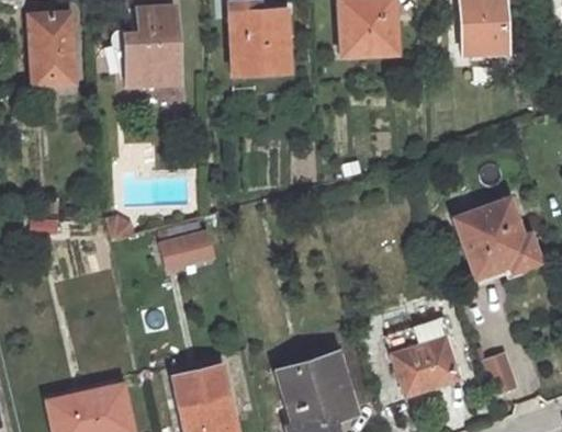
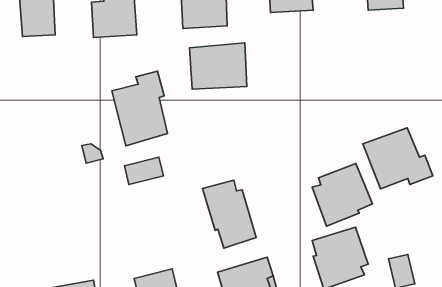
building: none -> [189,43,247,89]
building: none -> [112,71,167,146]
building: none -> [312,164,372,226]
building: none -> [203,180,256,248]

